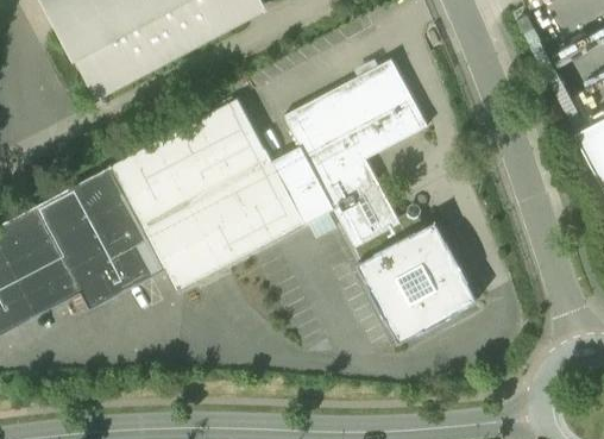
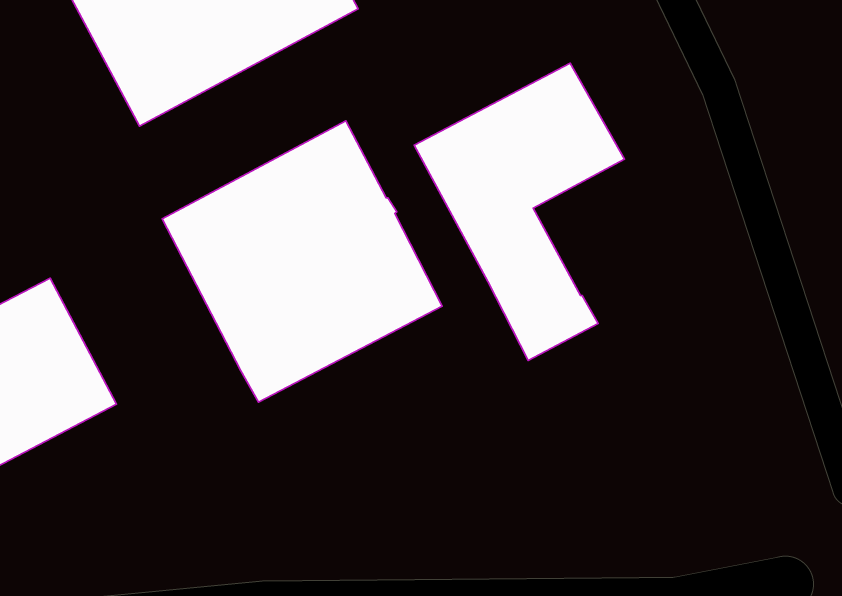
building: [270,146,333,225] -> none
building: [36,165,165,308] -> none
building: [357,222,477,341] -> none

